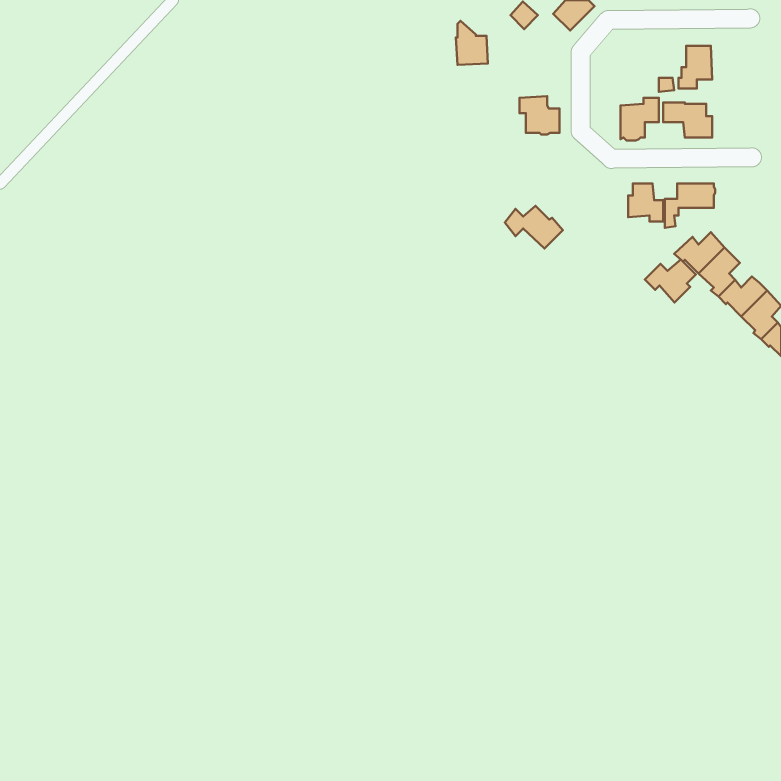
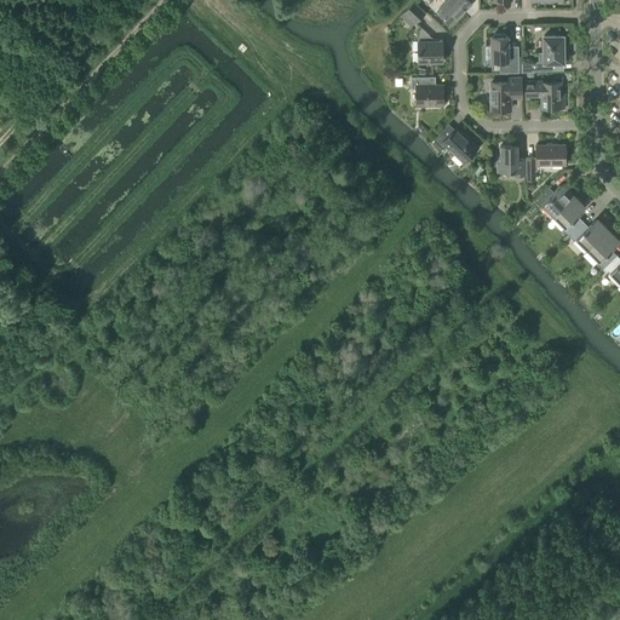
building: [456,21,488,65] -> [418,28,443,63]
building: none -> [492,34,519,73]
building: [505,206,563,248] -> [432,128,478,162]
building: [645,259,696,303] -> none

